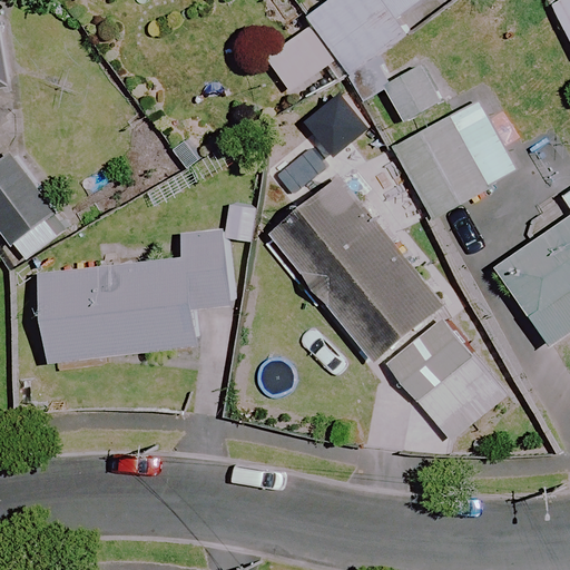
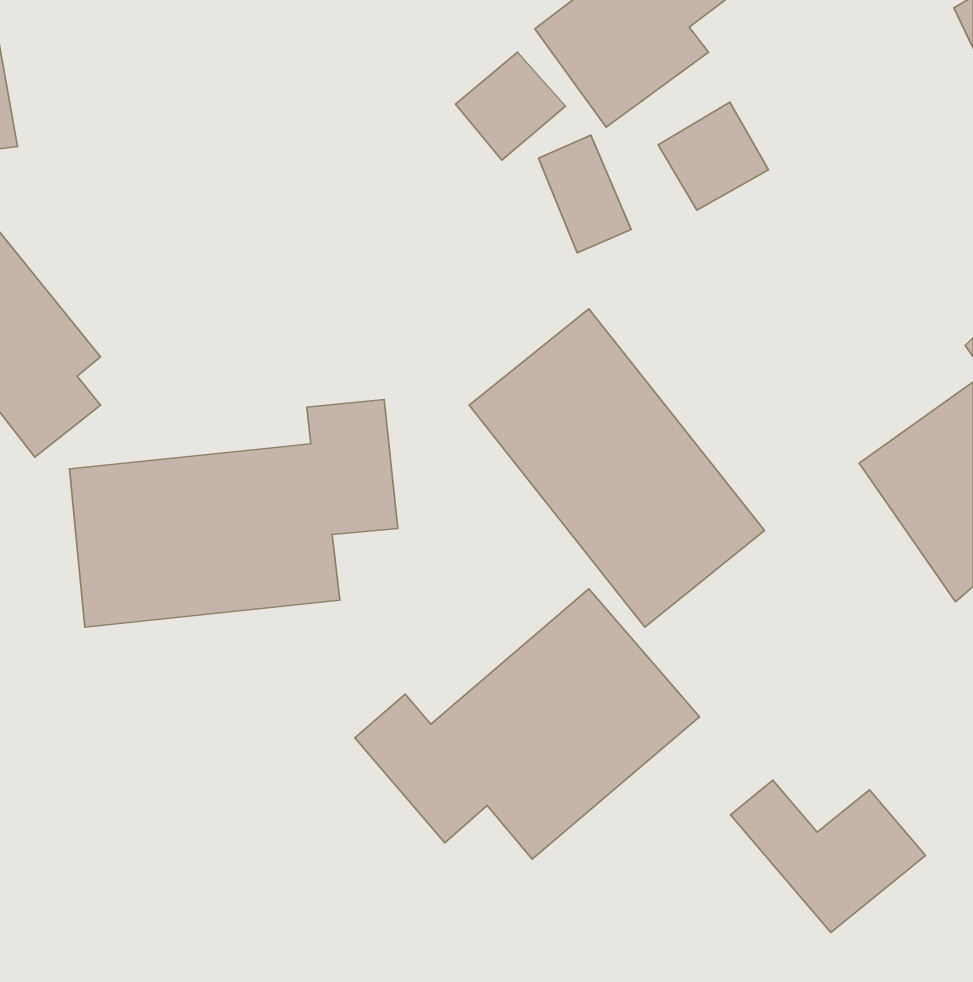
building: [393,101,517,218] -> none
building: none -> [355,589,700,859]
building: [392,353,504,441] -> [730,780,925,933]

